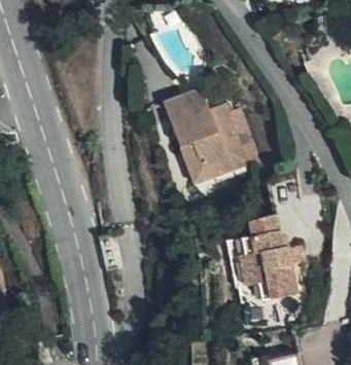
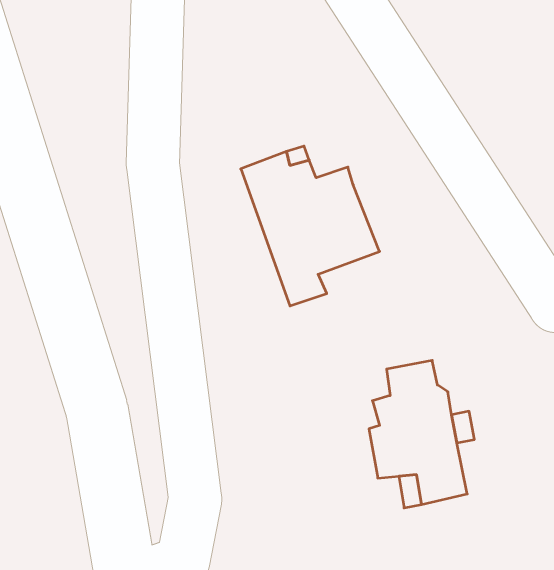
building: [208,109,255,176] -> none

